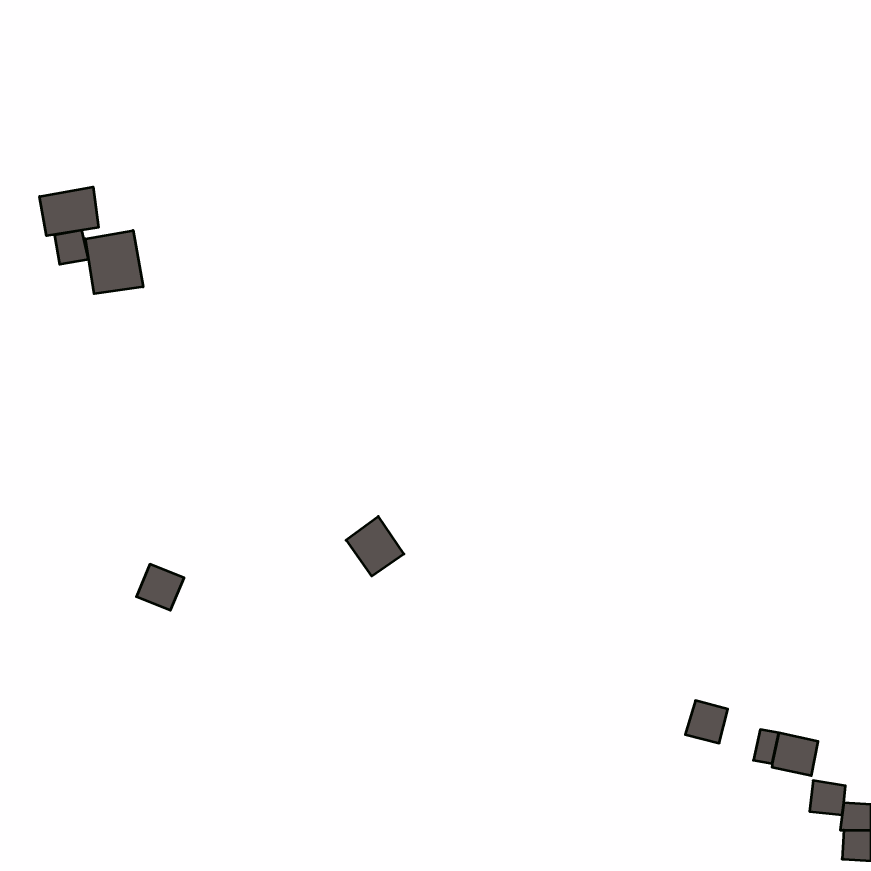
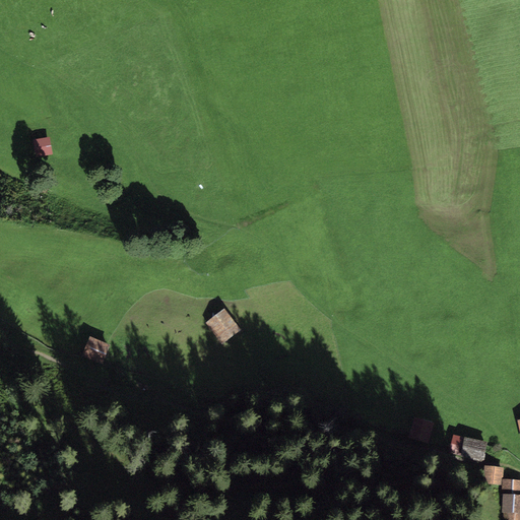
building: [40,187,98,236] -> none
building: [85,230,143,294] -> none

